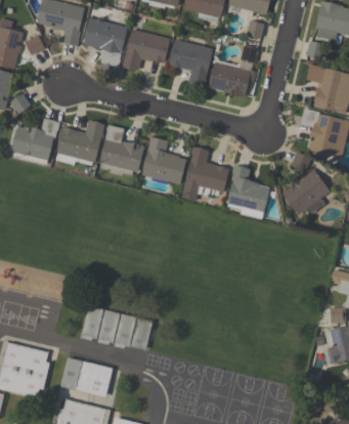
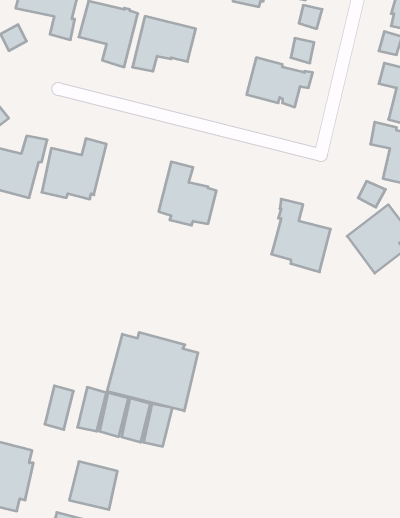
building: [168,39,213,85] -> none
building: [99,124,143,175] -> none
building: [181,146,229,200] -> none
building: none -> [107,332,198,411]
building: [60,356,82,389] -> [45,386,74,430]

